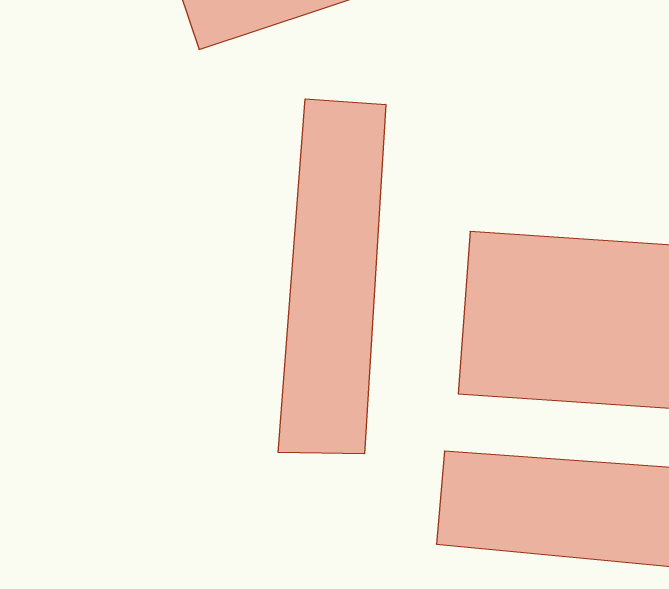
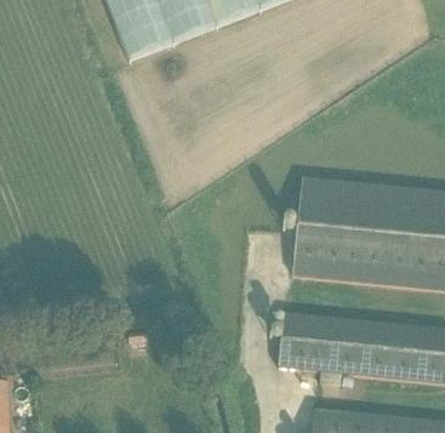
building: [278,99,386,454] -> none

